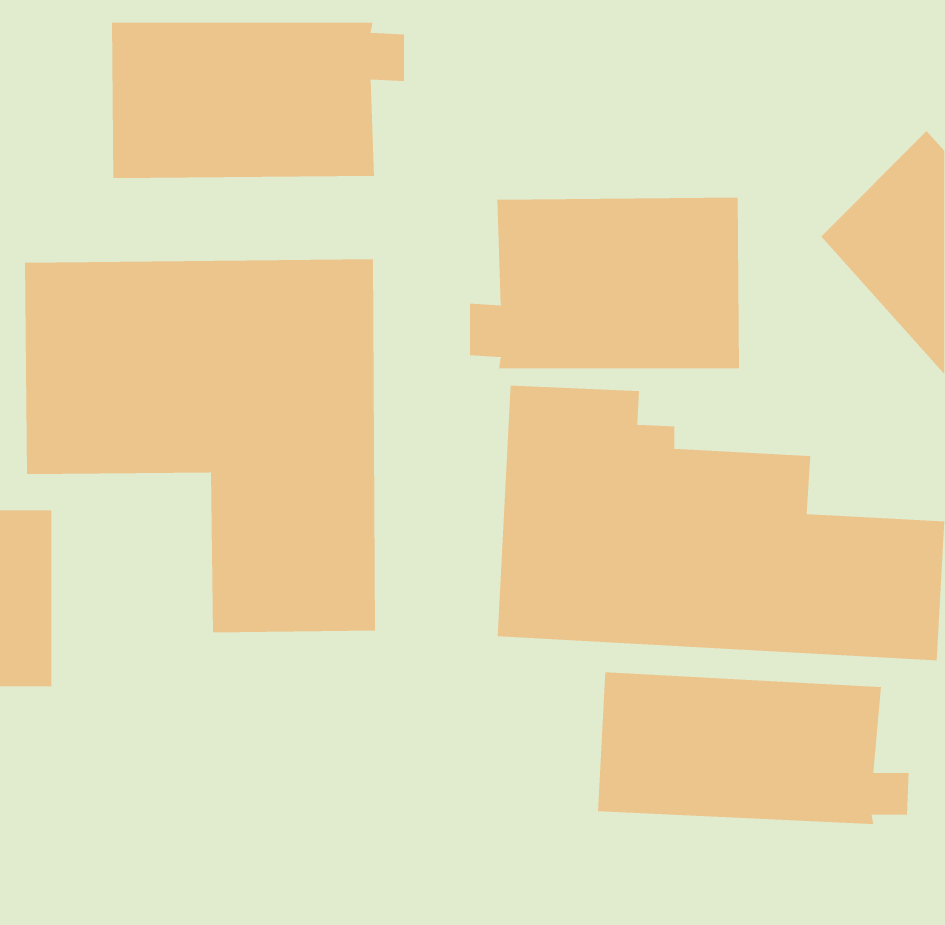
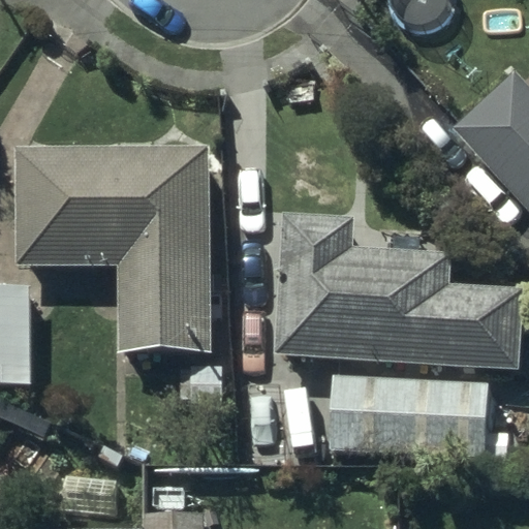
building: [111,22,404,179] -> none
building: [470,197,740,369] -> none

